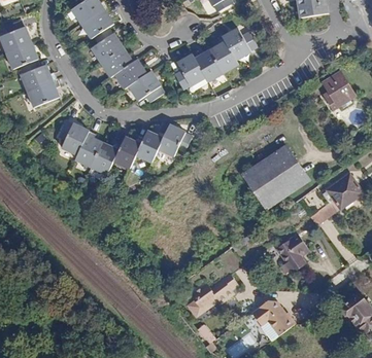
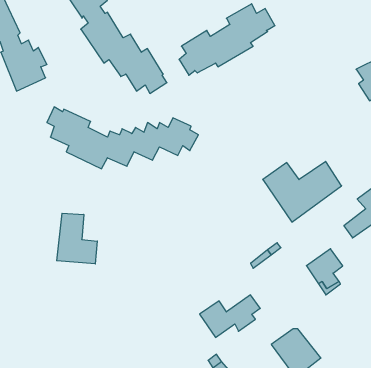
building: [264,146,297,176] -> none
building: none -> [57,213,97,264]

